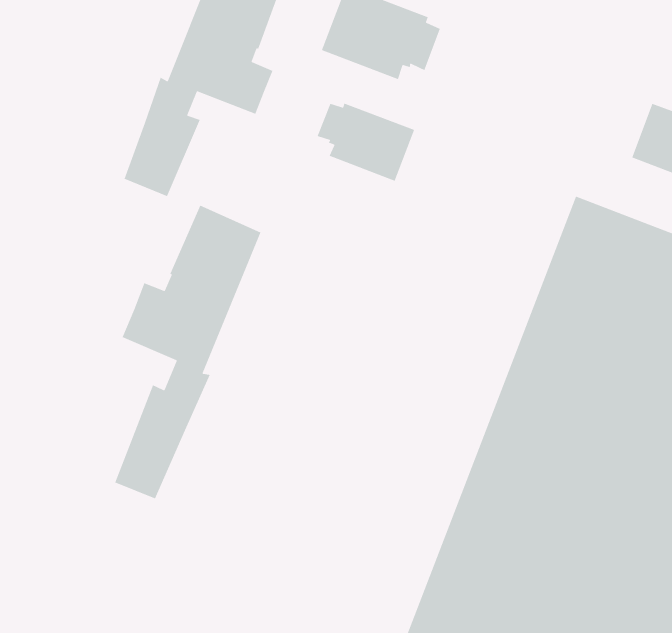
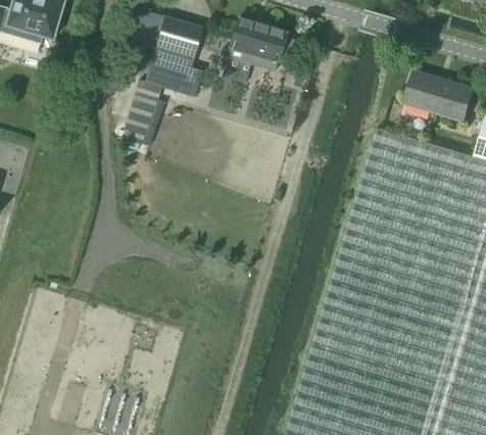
building: [317,102,415,182] -> none
building: [114,204,261,500] -> none

